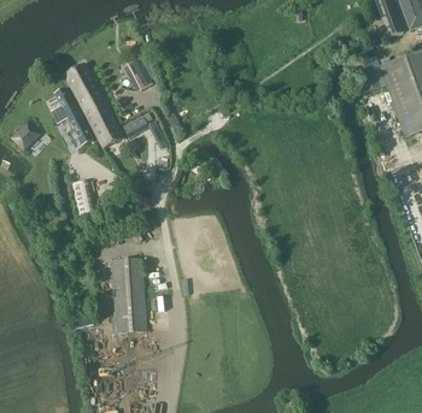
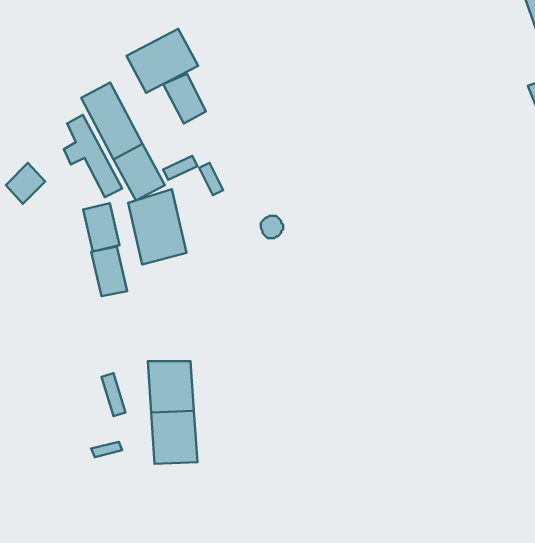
building: none -> [126,29,198,93]
building: none -> [128,189,186,264]
building: none -> [83,203,119,251]

